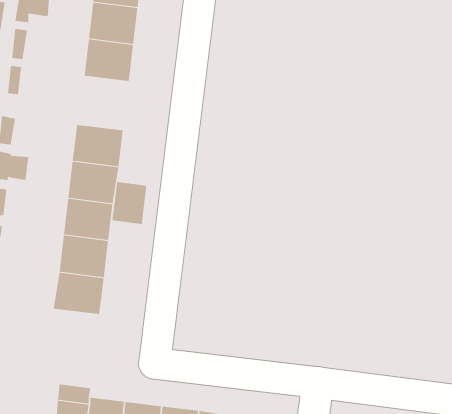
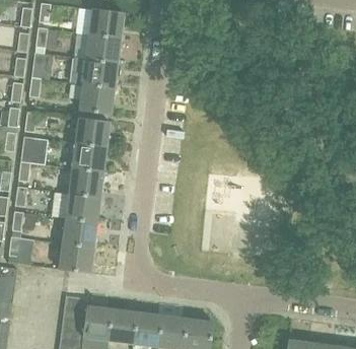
building: none -> [78,84,114,114]
building: [112,181,147,225] -> none
building: none -> [58,245,93,274]

